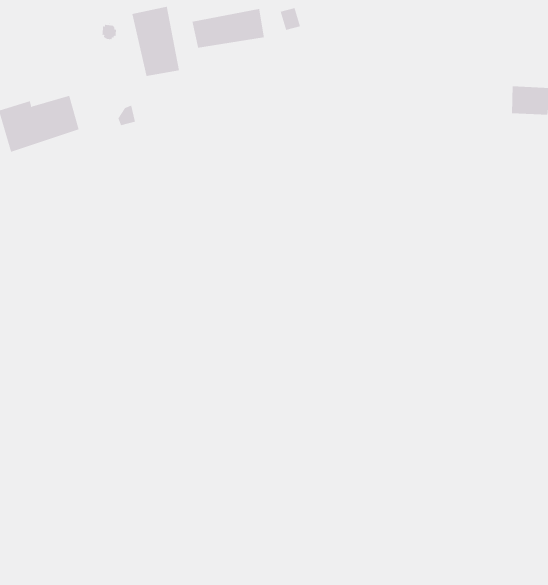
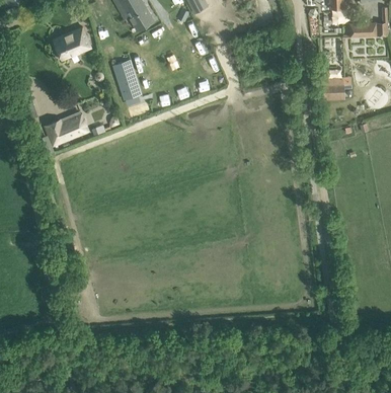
building: [192,8,264,49] -> none

